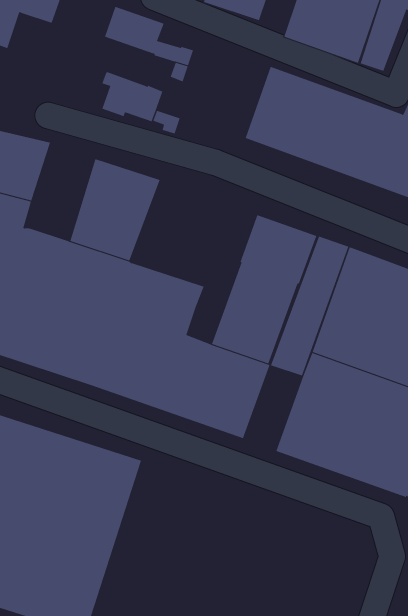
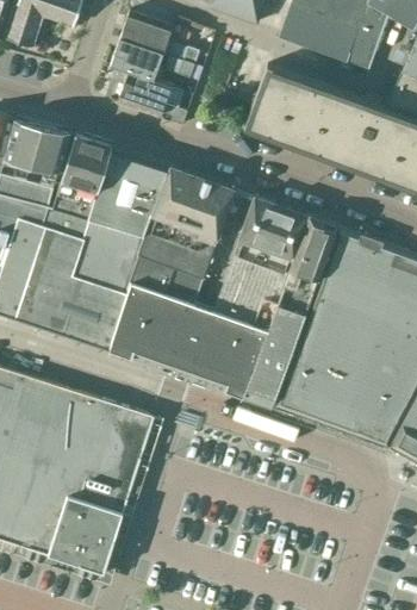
building: none -> [110,37,163,81]
building: none -> [52,132,112,219]
building: none -> [143,164,235,260]
building: none -> [243,330,295,406]

